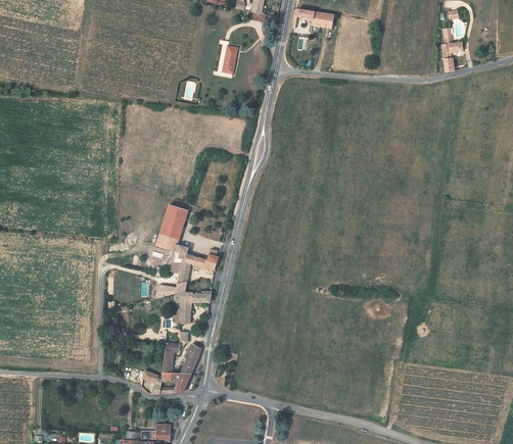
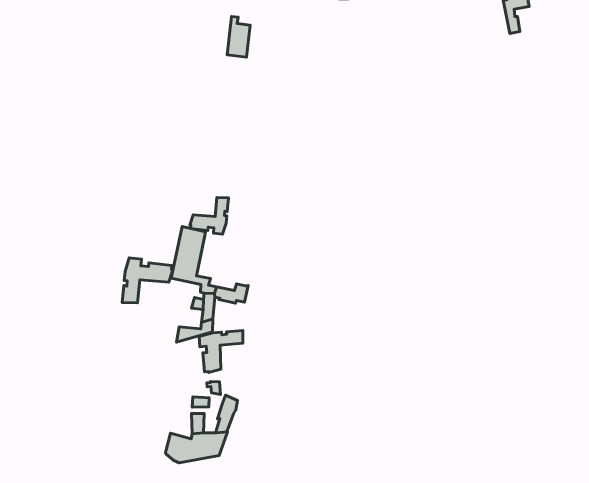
building: none -> [190,198,229,234]
building: none -> [122,258,173,303]

